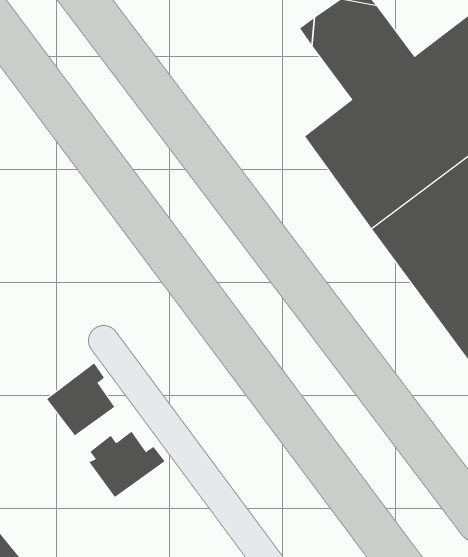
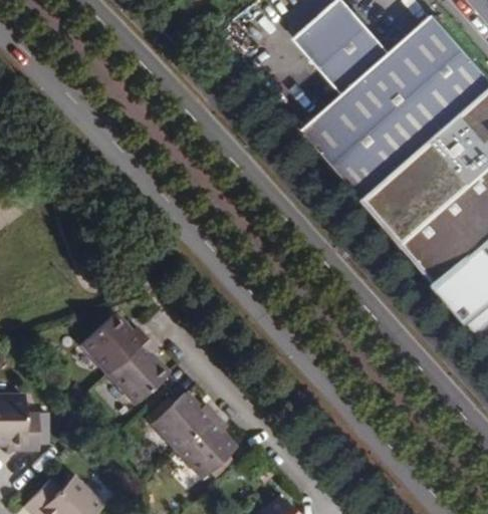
building: none -> [82,315,148,374]
building: none -> [176,418,234,481]

